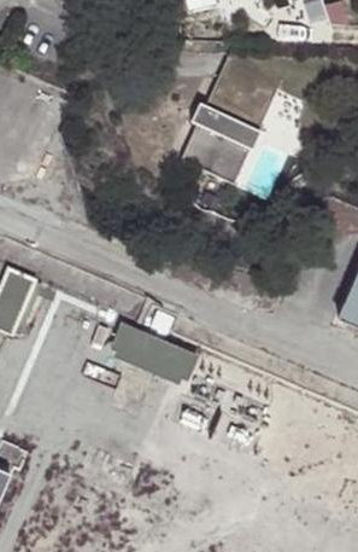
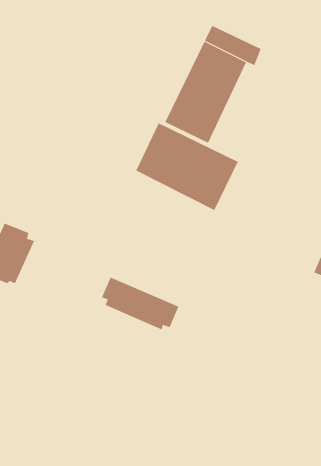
building: none -> [136,123,239,211]

